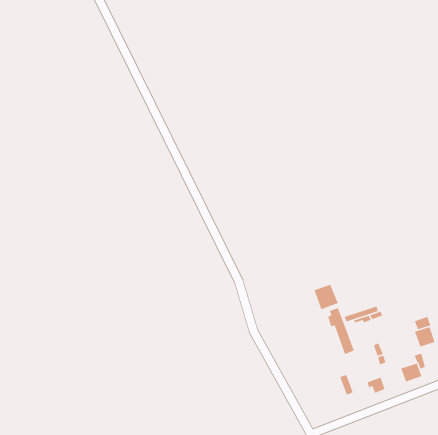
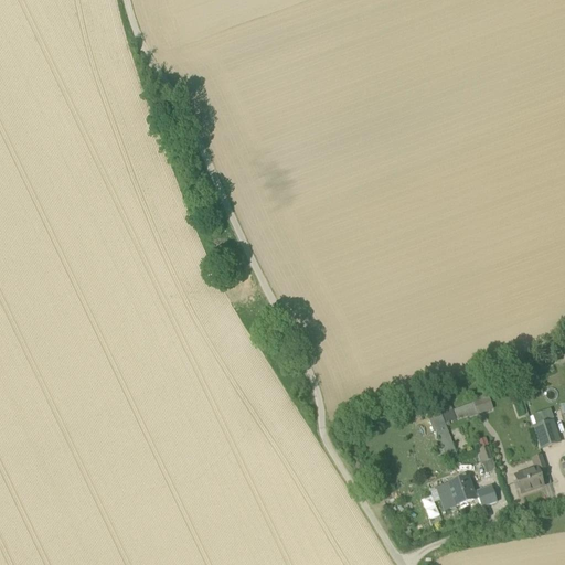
building: [313,284,339,310] -> none
building: none -> [447,475,475,505]

